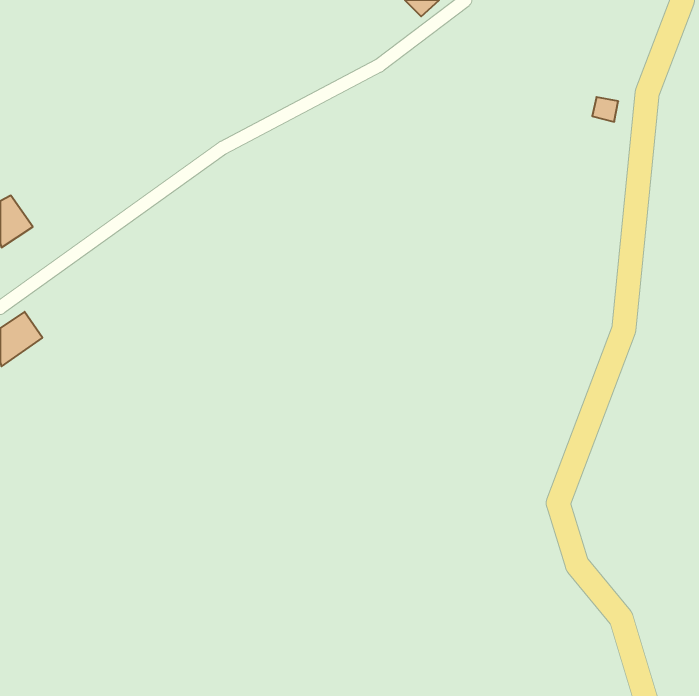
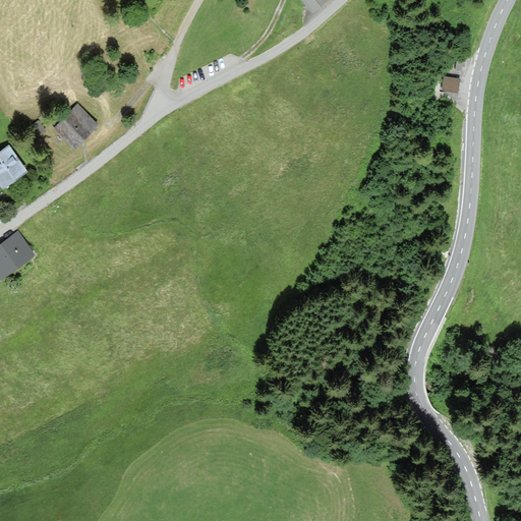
building: none -> [56,107,96,147]

